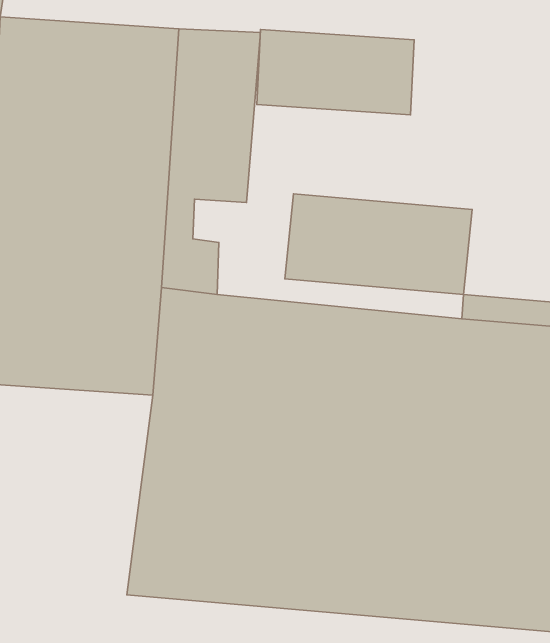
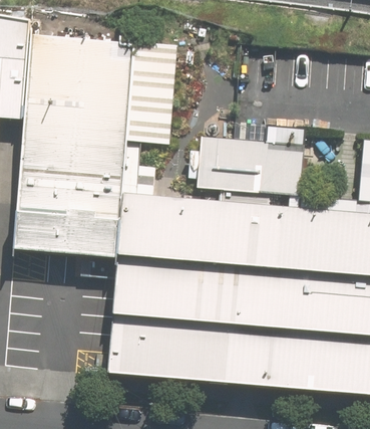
building: [257,29,414,115] -> none

